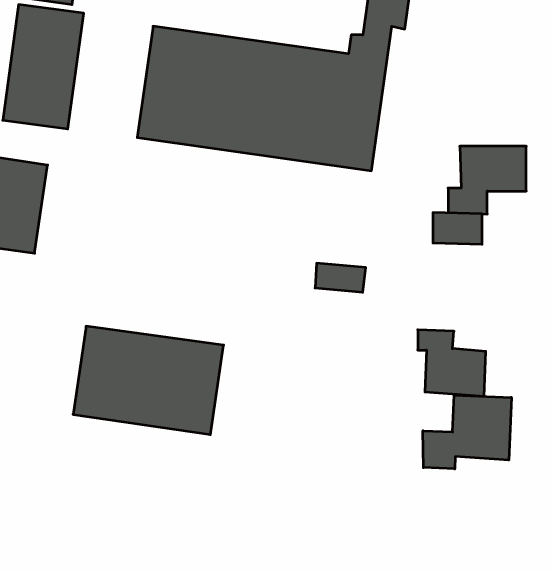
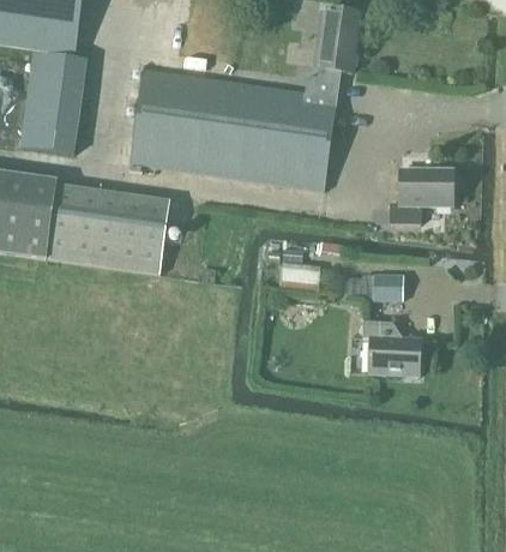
building: [433,213,482,244] -> [361,274,402,300]
building: [73,326,224,435] -> [44,184,169,274]
building: [423,395,511,469] -> none

